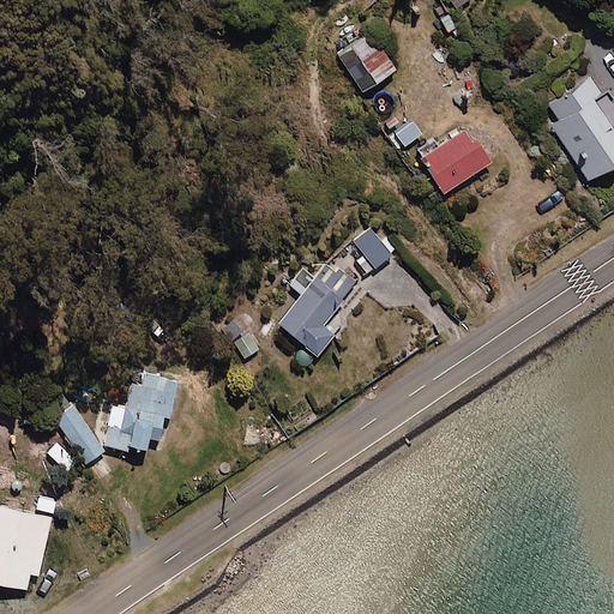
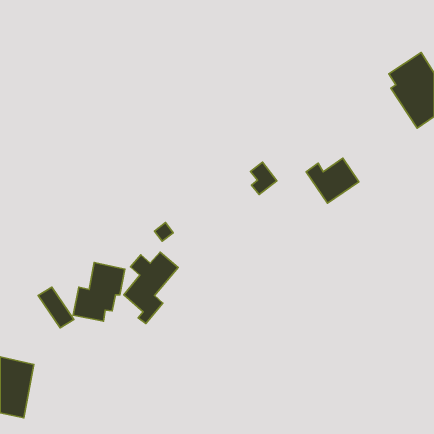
building: [337,32,396,92] -> none
building: [414,130,488,193] -> [306,158,359,203]
building: [278,263,355,363] -> [124,252,178,324]

